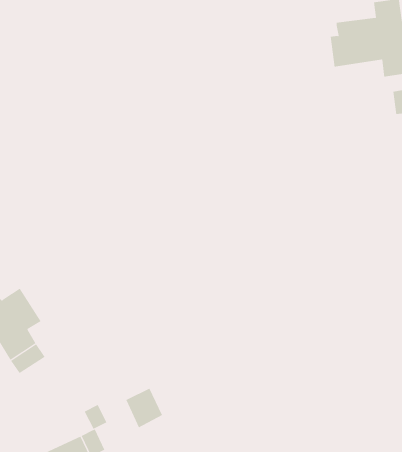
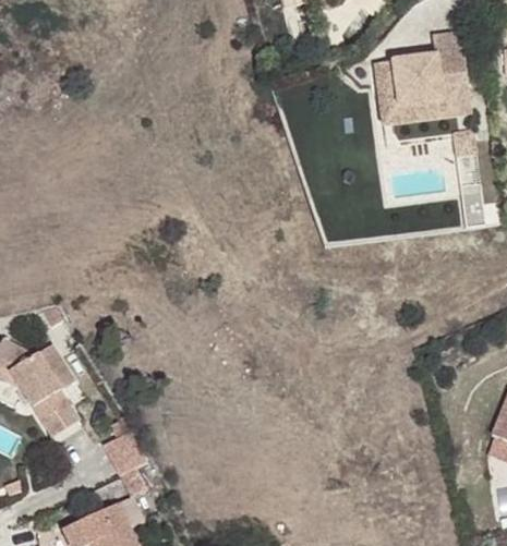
building: none -> [374,62,443,126]
building: [125,388,163,428] -> [104,432,144,475]

